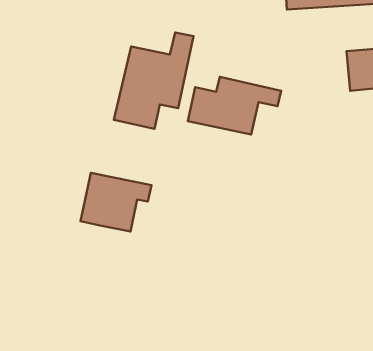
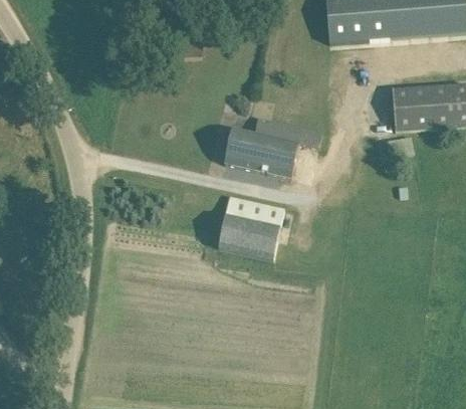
building: [114,33,194,129] -> none
building: [81,173,151,232] -> [218,195,293,257]

